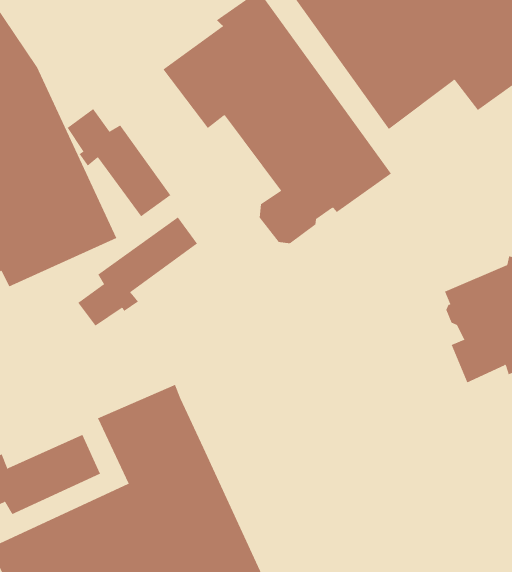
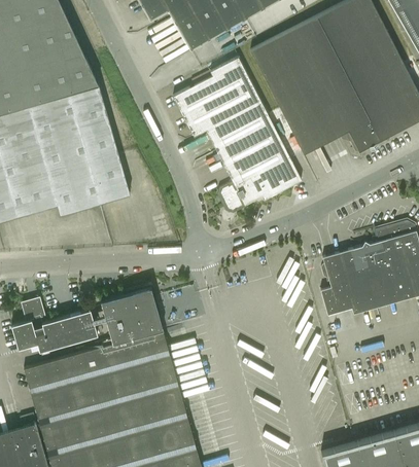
building: [67,108,171,217] -> none
building: [78,217,198,326] -> none

